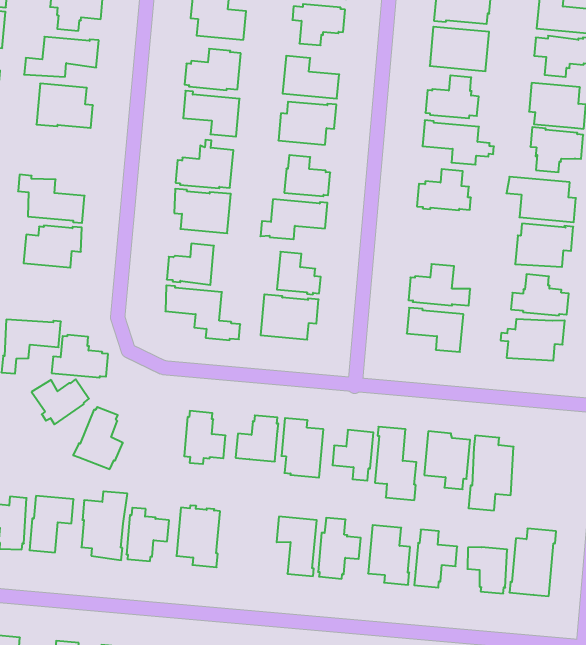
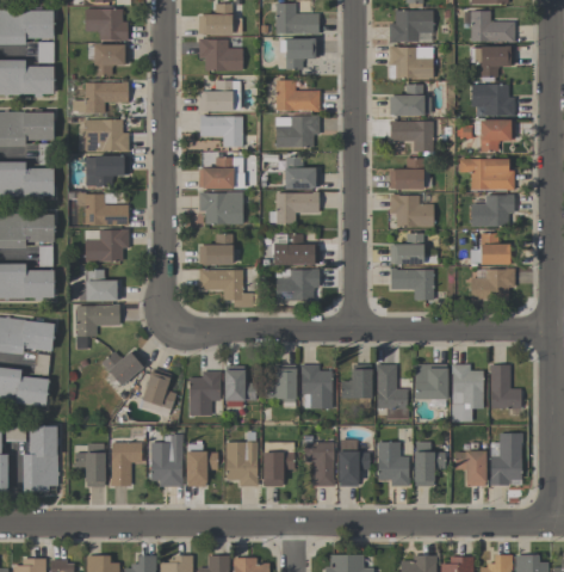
building: none -> [86,155,129,186]
building: none -> [390,195,434,227]
building: [52,335,108,378] -> [79,270,122,301]
building: none -> [190,371,222,414]
building: none -> [489,365,521,408]
building: none -> [264,442,295,486]

